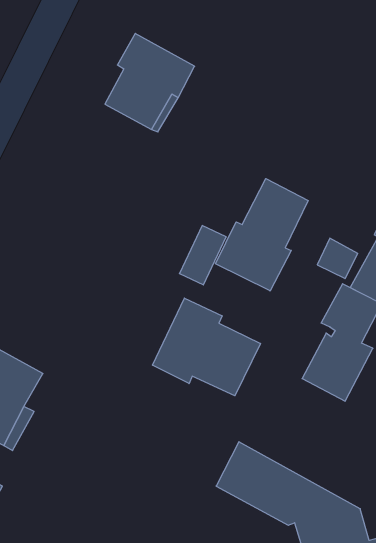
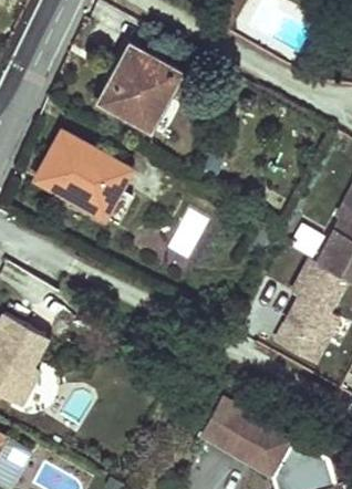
building: none -> [35,131,130,216]
building: [216,179,308,291] -> none
building: [153,298,260,396] -> none

